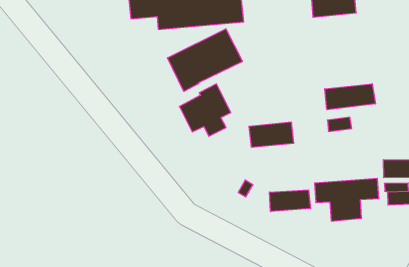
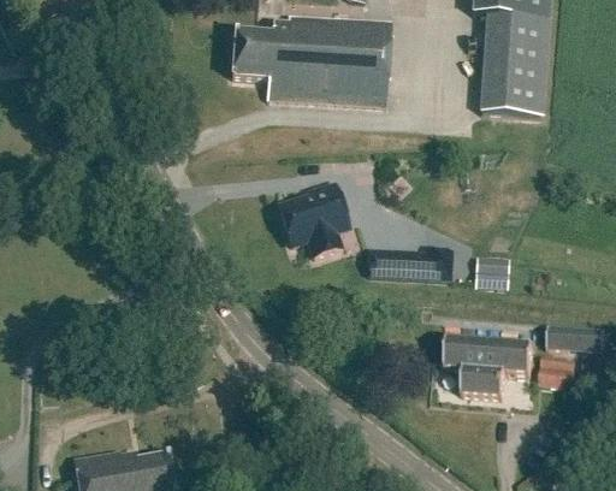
building: [168,29,242,91] -> none
building: [325,84,375,110] -> none
building: [269,190,310,212] -> none

